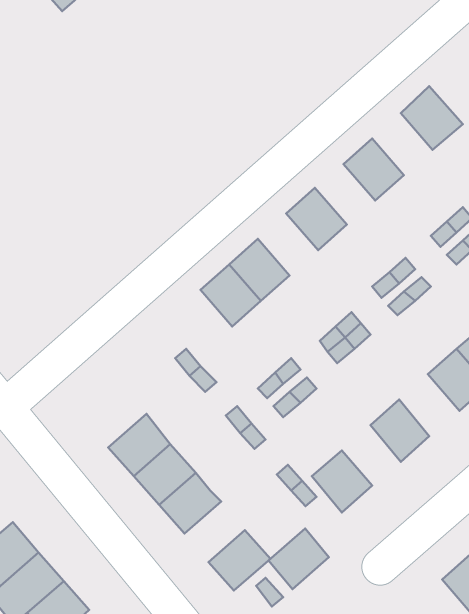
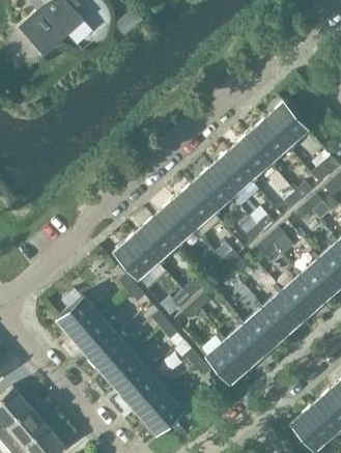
building: none -> [248,121,287,162]
building: none -> [210,154,250,194]
building: none -> [173,187,212,227]
building: none -> [116,236,157,277]
building: none -> [265,291,305,332]
building: none -> [59,299,107,339]
building: none -> [228,324,266,364]
building: [269,529,329,589] -> [125,374,165,414]

